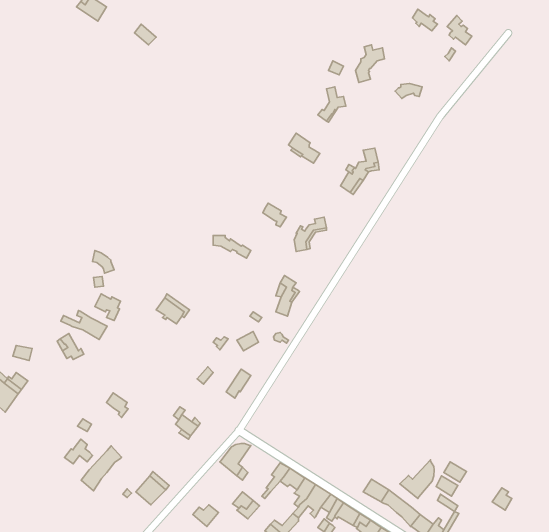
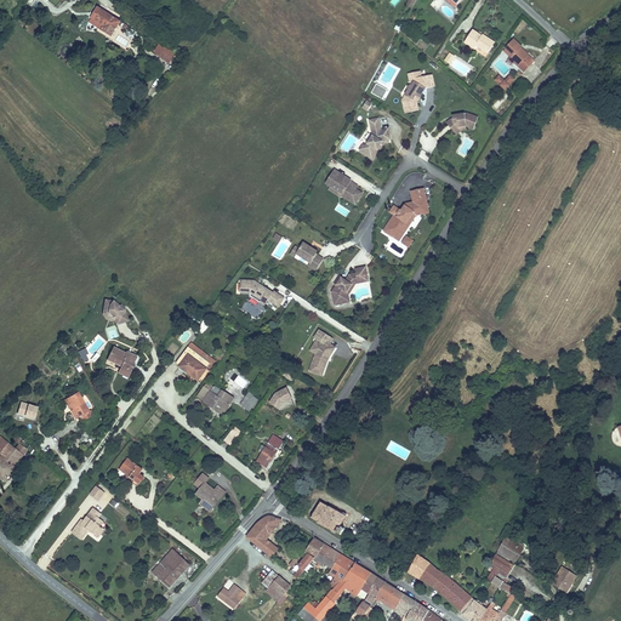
building: [61,310,107,339] -> none
building: none -> [196,382,230,415]
building: none -> [312,501,347,534]
building: [81,446,121,491] -> none
building: [400,460,434,498] -> none

